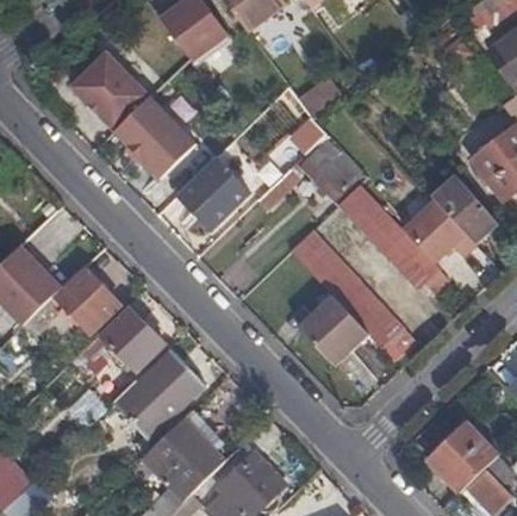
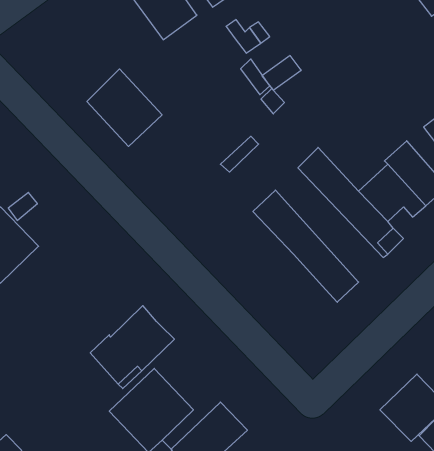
building: [70,54,148,132] -> none
building: [299,143,354,198] -> none
building: [177,158,247,229] -> none
building: [61,267,119,321] -> none
building: [299,294,367,363] -> none
building: [101,306,166,369] -> none

